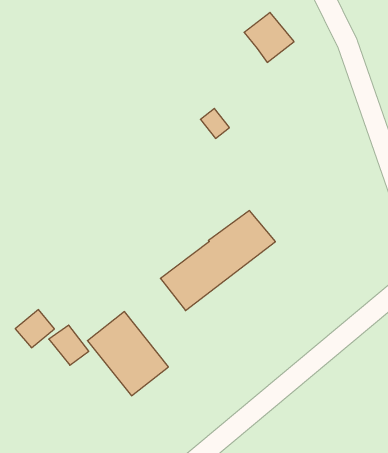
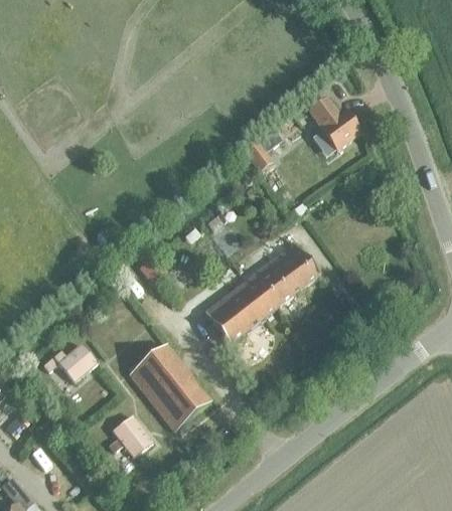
building: [244,12,294,62] -> [311,100,361,150]
building: [49,325,89,365] -> [111,415,151,456]

